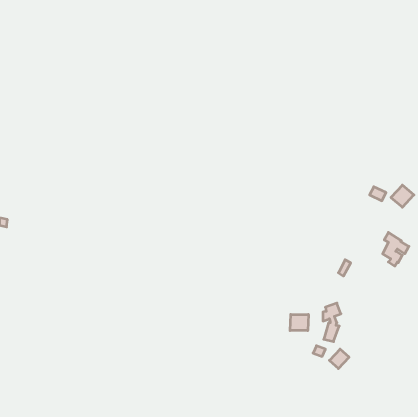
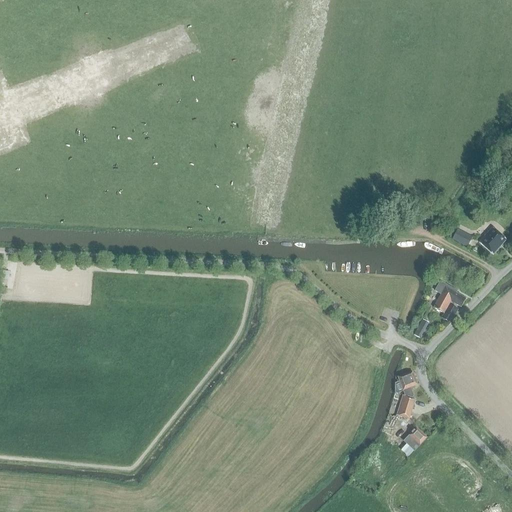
building: [383,232,409,266] -> [432,280,464,321]
building: [290,314,308,331] -> none

